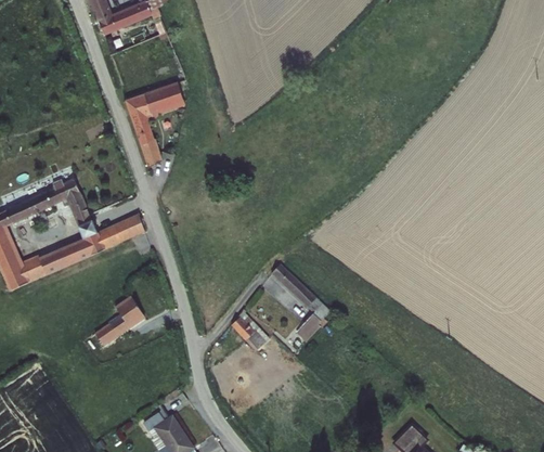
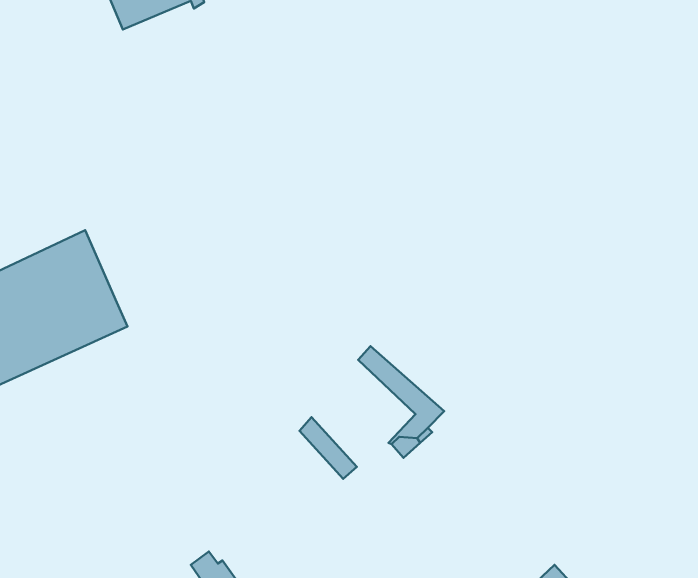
building: [125,83,184,170] -> none
building: [98,212,145,249] -> none
building: [91,296,144,347] -> none

